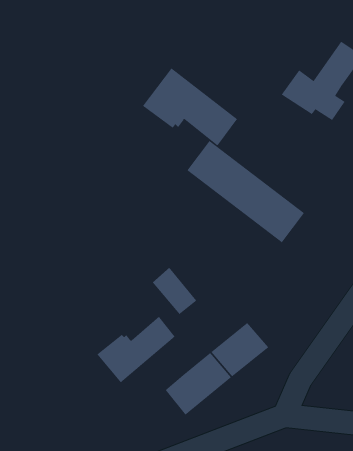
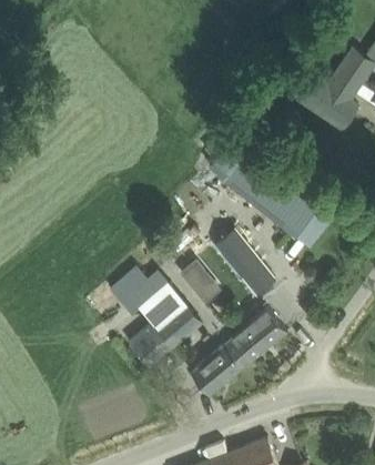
building: [142,67,238,146] -> none
building: none -> [215,231,275,296]
building: none -> [110,267,184,327]

